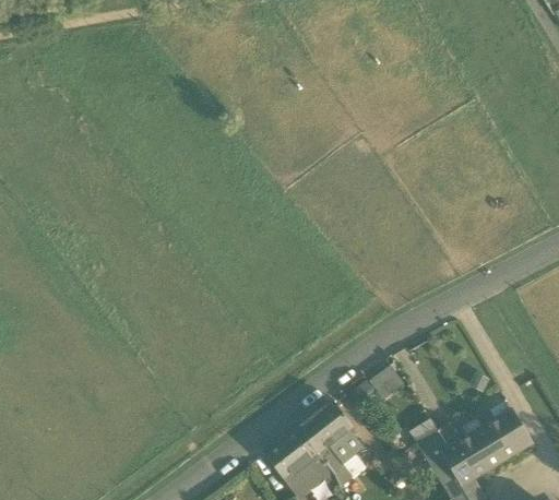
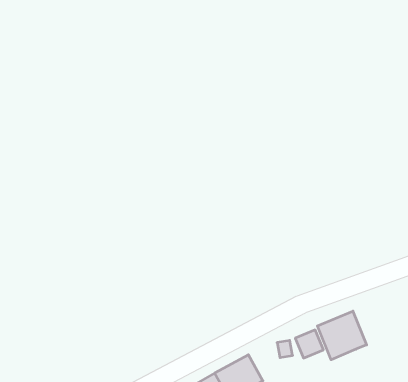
building: none -> [317,311,367,360]

